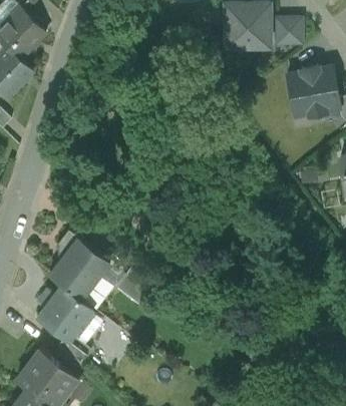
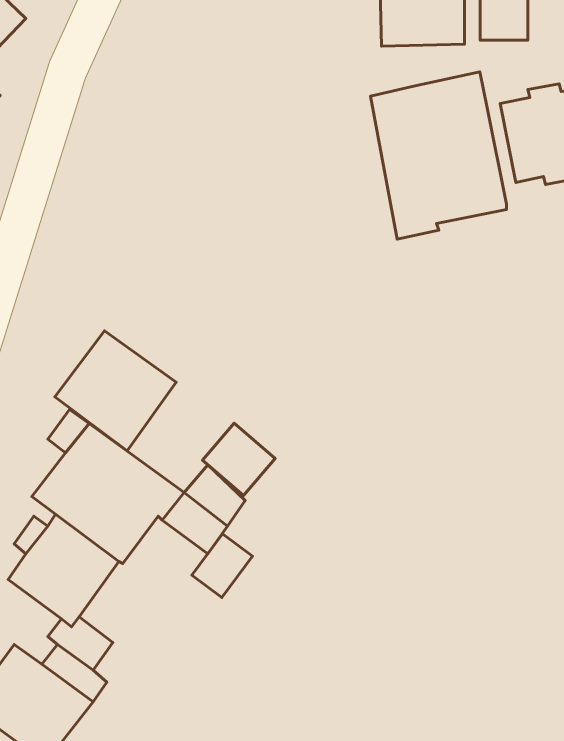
building: none -> [371,72,507,239]
building: none -> [55,331,176,451]
building: none -> [202,423,275,495]
building: none -> [192,534,253,597]

